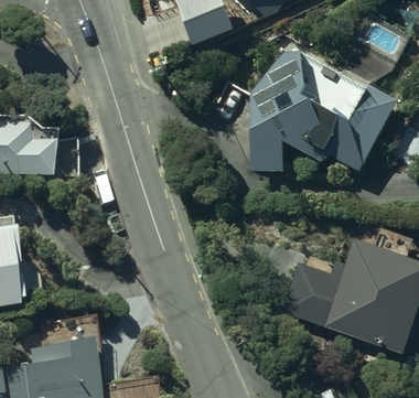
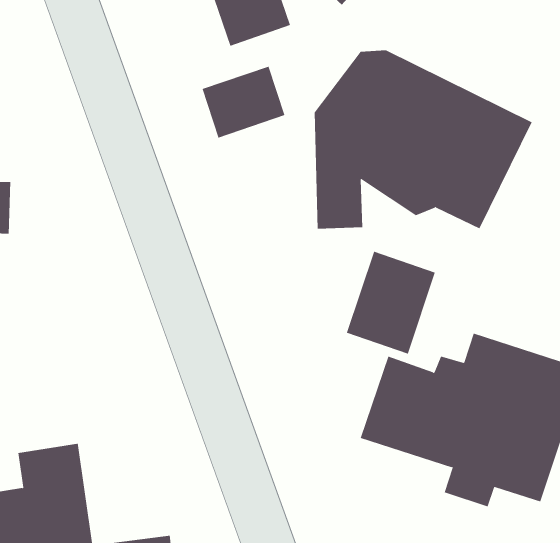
building: none -> [202,66,285,139]
building: none -> [346,251,436,355]

